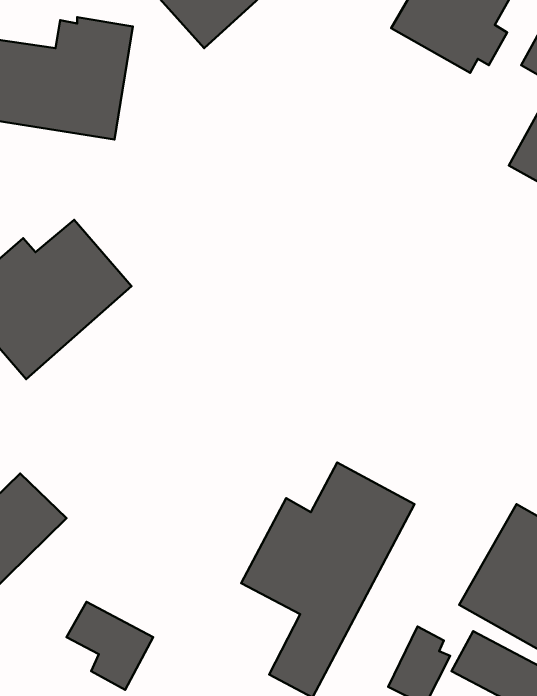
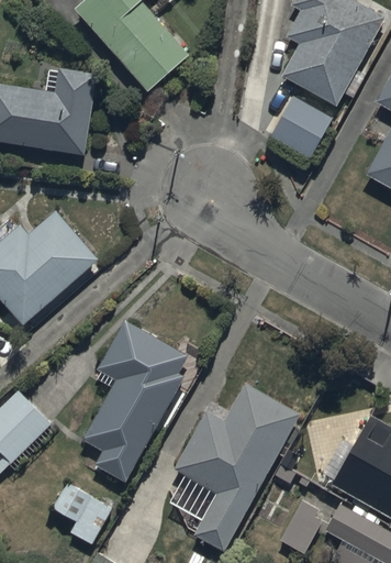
building: none -> [270,96,332,159]
building: none -> [82,320,188,483]

